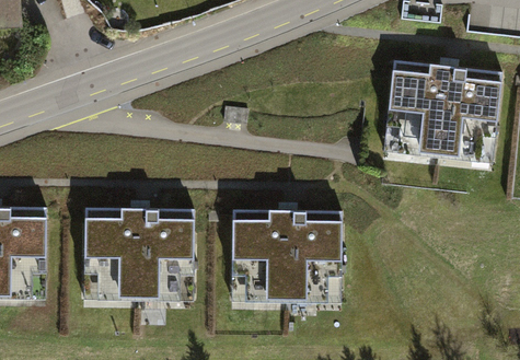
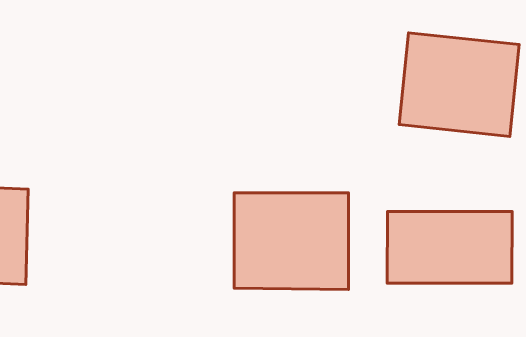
building: [85,208,192,298] -> none
building: none -> [387,212,512,283]

